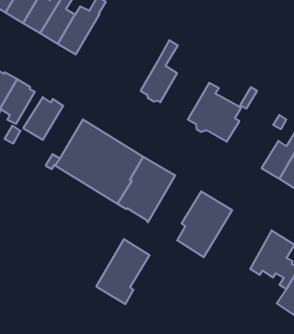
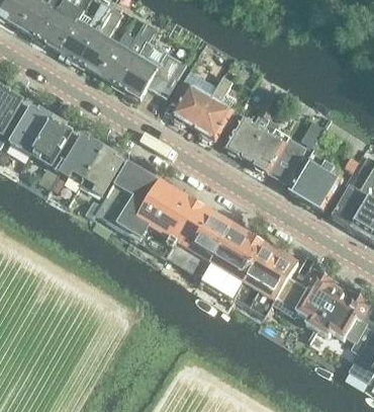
building: none -> [119,38,186,99]
building: none -> [171,80,212,127]
building: none -> [225,97,278,159]
building: none -> [82,144,124,194]
building: none -> [289,156,343,209]
building: none -> [290,269,342,341]
building: [96,239,150,304] -> [201,223,262,297]

